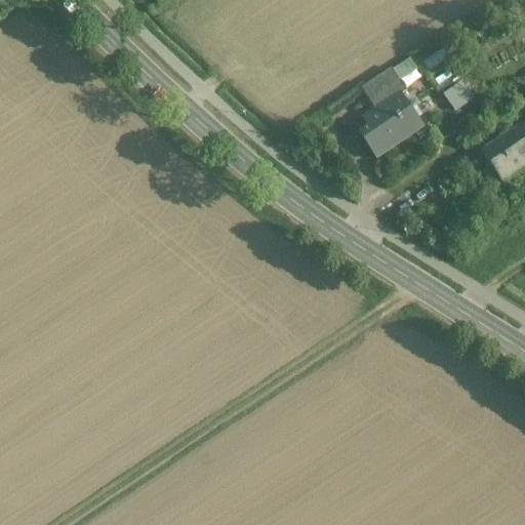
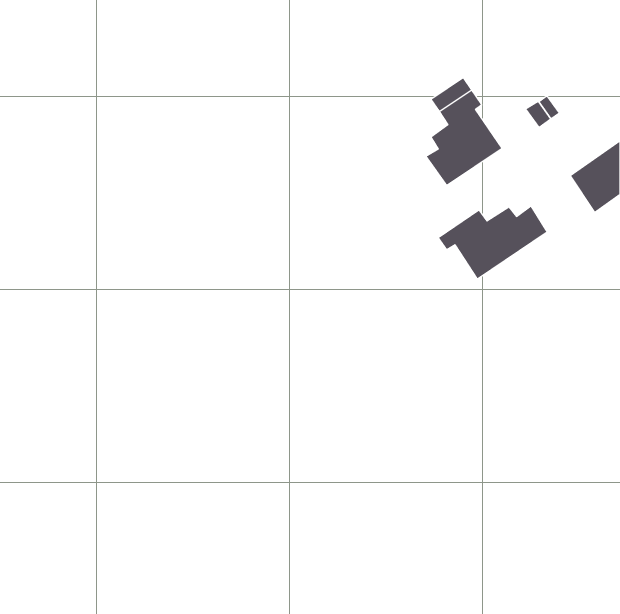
building: none -> [438,206,547,279]

